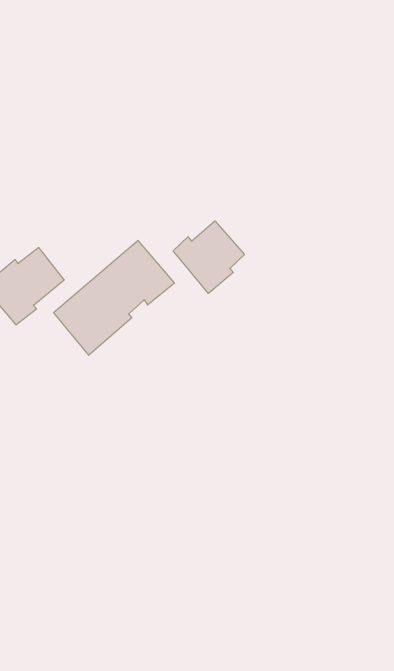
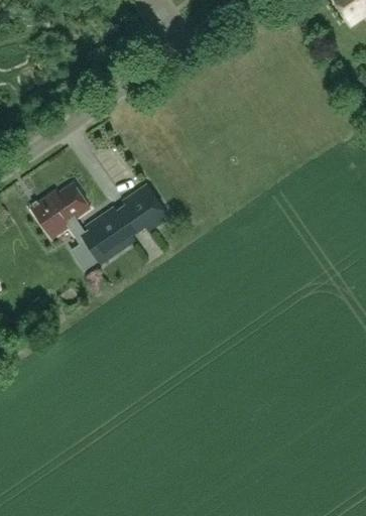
building: [173,221,244,293] -> none

